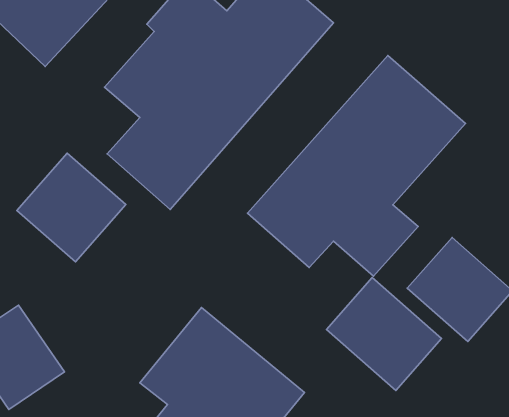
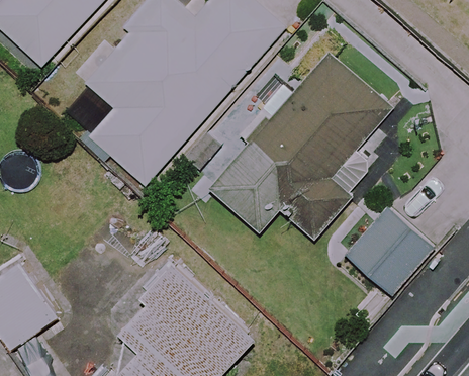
building: [17,153,126,262] -> none
building: [326,277,442,391] -> none

